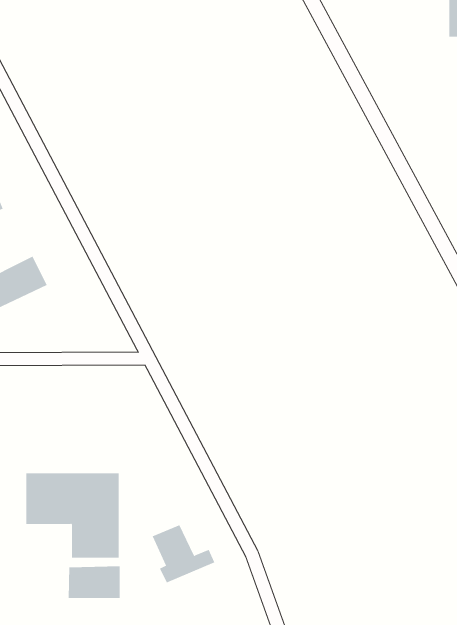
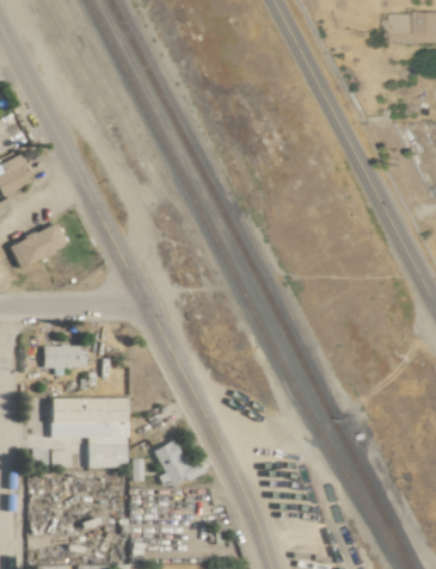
building: none -> [44,344,88,375]
building: [68,566,120,599] -> none

